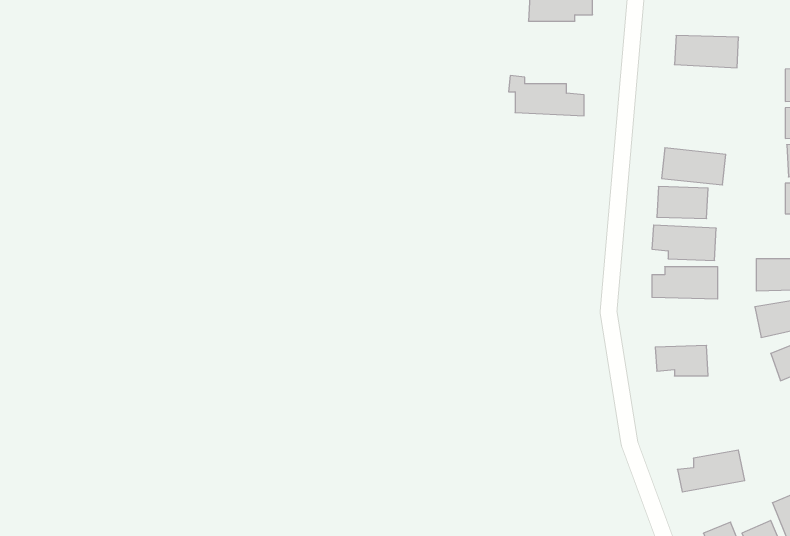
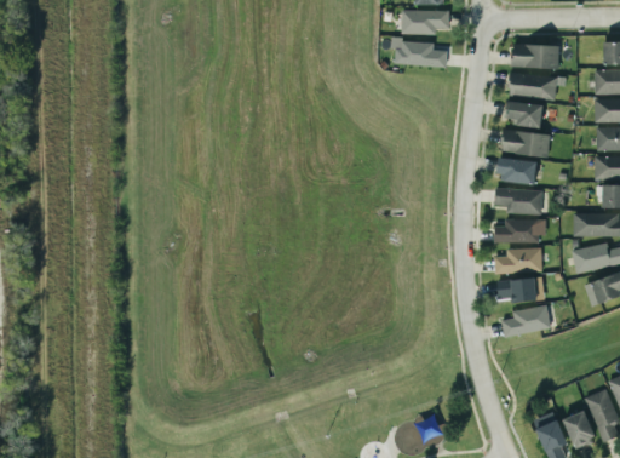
building: none -> [509,74,557,98]
building: [509,76,584,116] -> [390,36,447,67]
building: none -> [504,102,542,126]
building: none -> [494,248,542,274]
building: [677,450,745,492] -> [500,305,551,337]

